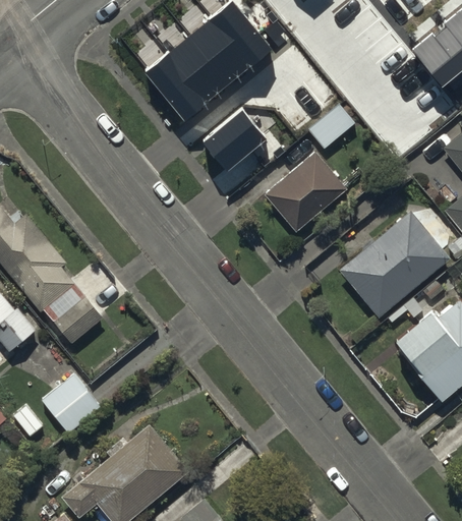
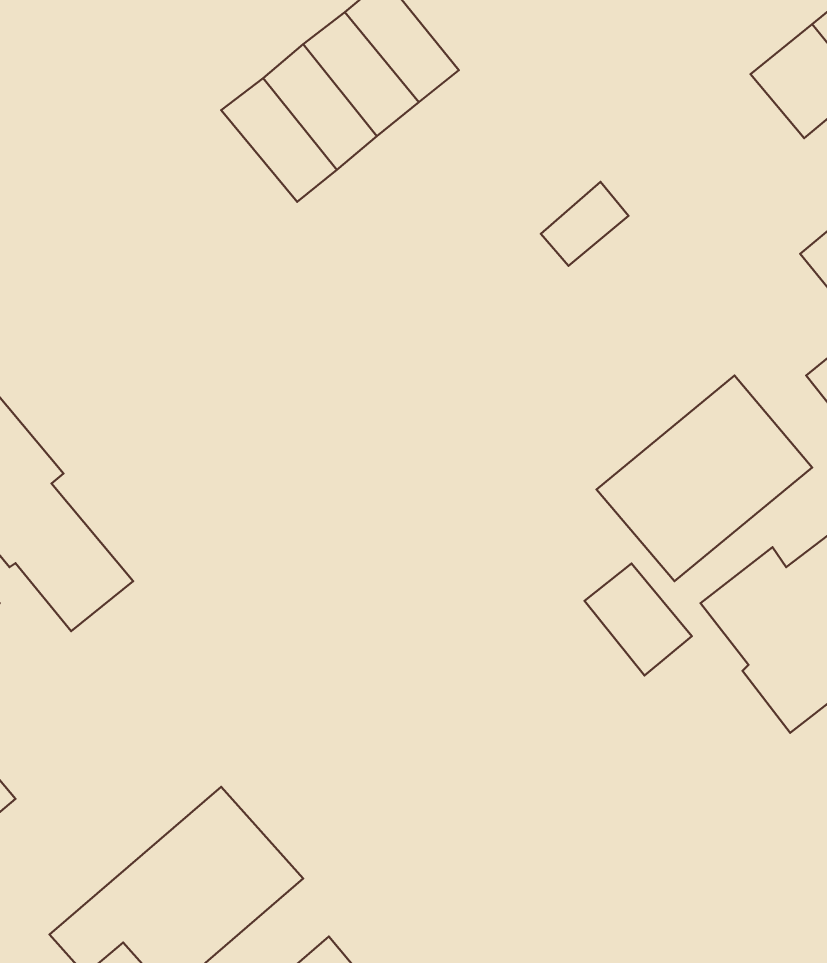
building: [206,116,265,174] -> none
building: [267,159,348,238] -> none
building: none -> [584,563,692,675]
building: [42,374,100,432] -> none

